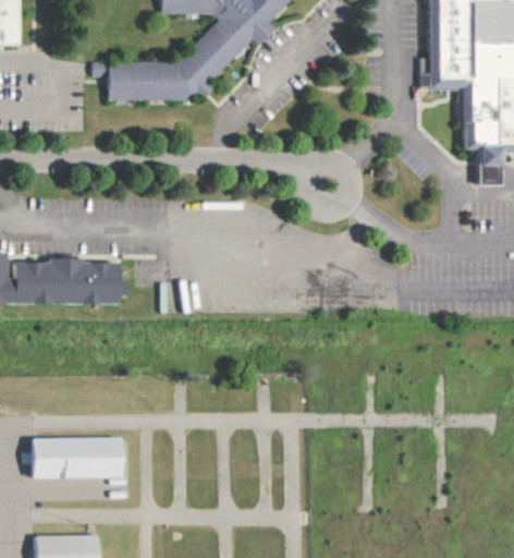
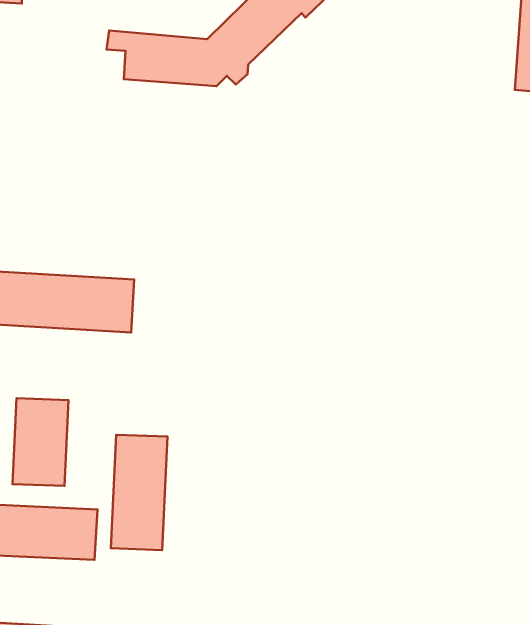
building: none -> [12,398,69,486]
building: none -> [111,435,167,550]

